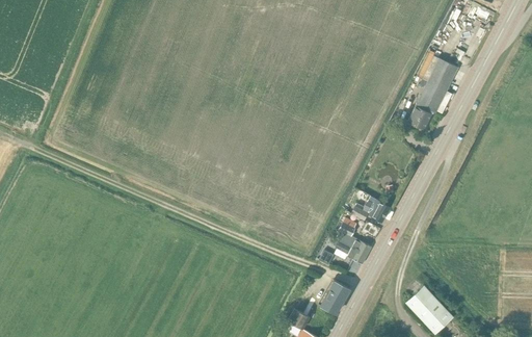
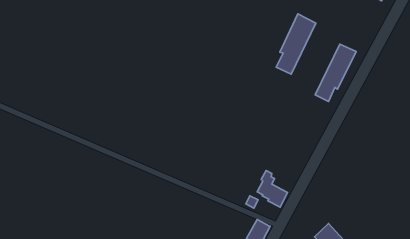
building: none -> [276,14,316,74]
building: [350,197,390,223] -> none

